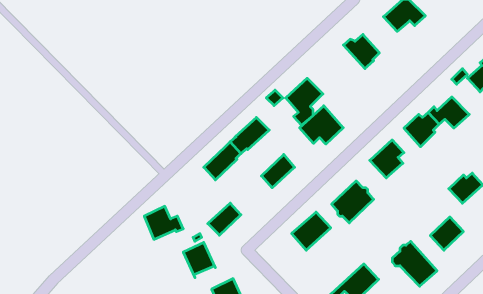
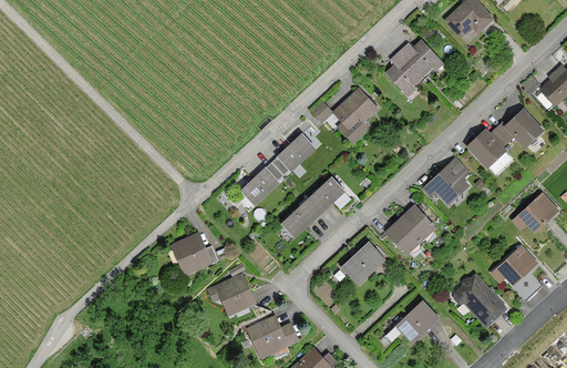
building: none -> [385,52,424,94]
building: [300,106,343,144] -> none
building: [208,203,241,235] -> [281,201,319,237]

